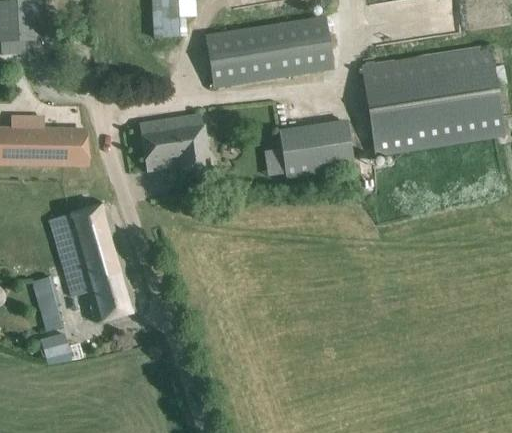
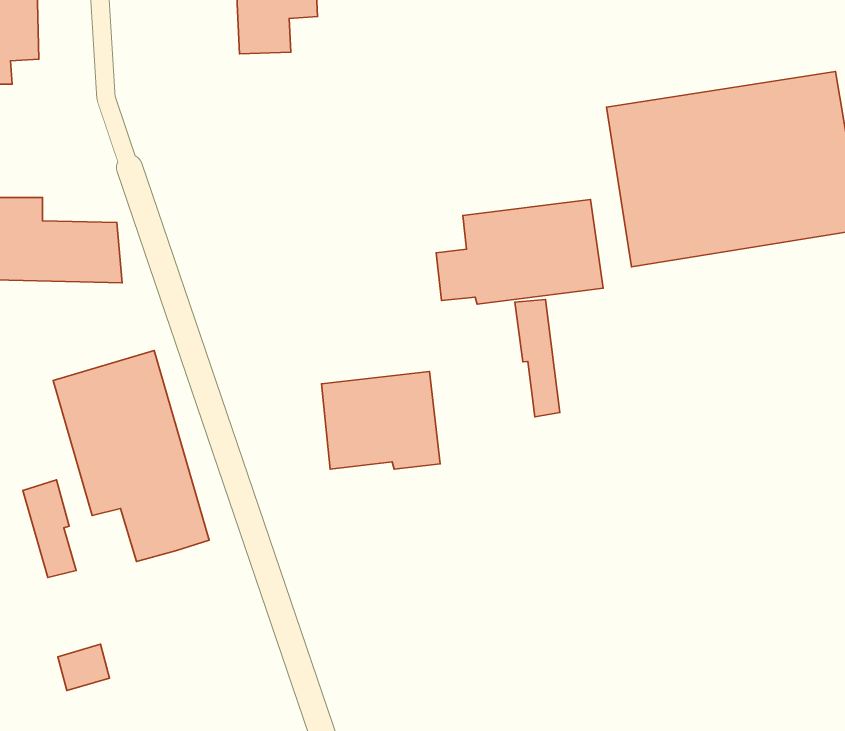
building: [205,17,330,87] -> none
building: [140,118,207,173] -> [321,371,440,469]
building: none -> [515,299,560,417]
building: [40,332,69,358] -> [58,644,109,690]

